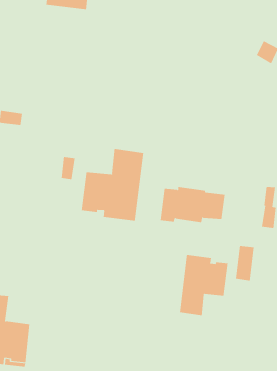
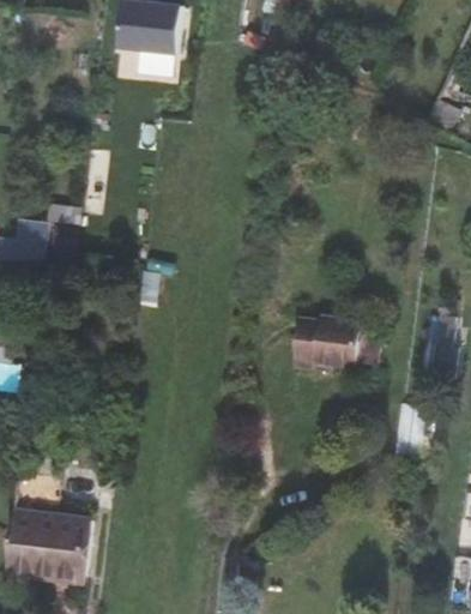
building: [81,148,144,222] -> none
building: [179,254,228,316] -> none

